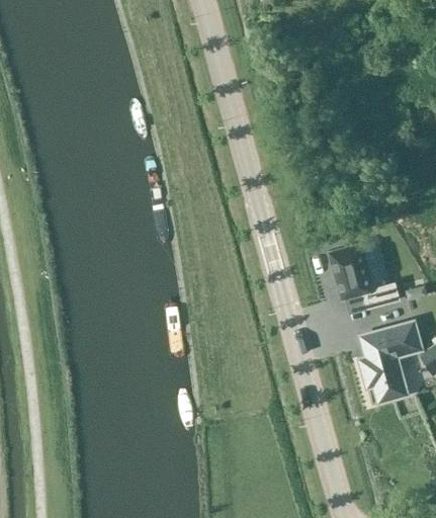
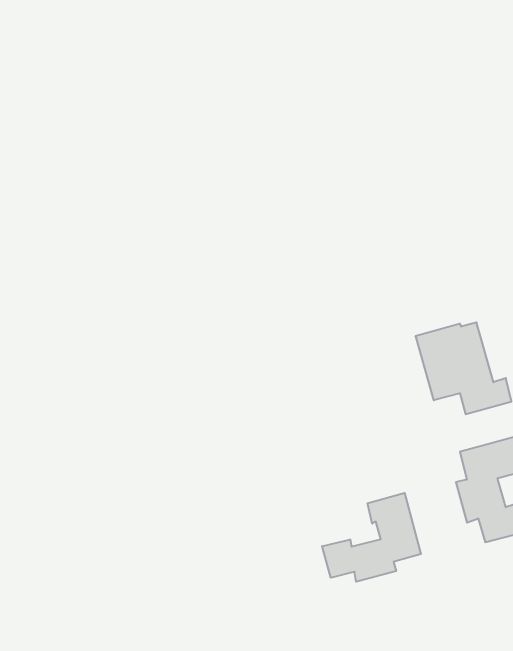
building: none -> [322,493,421,582]

